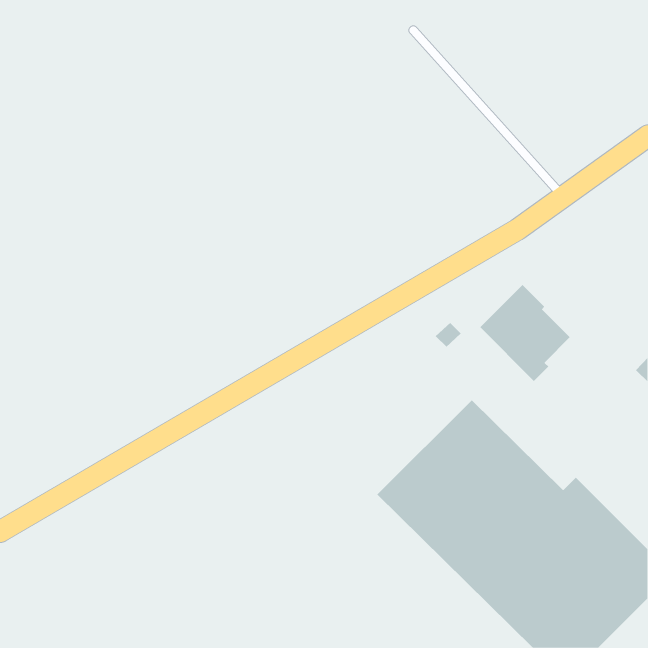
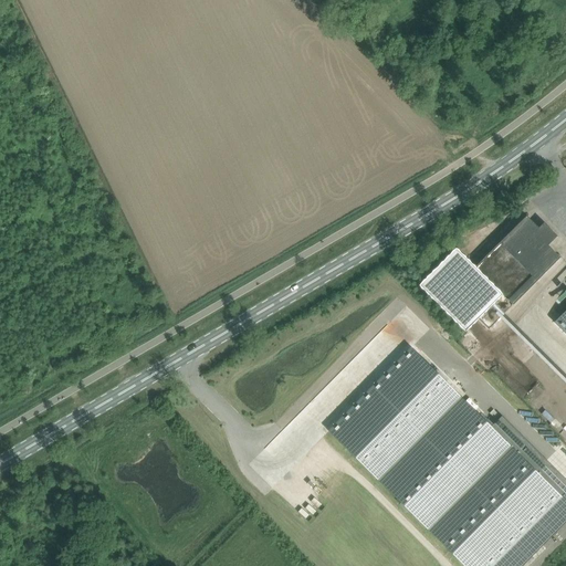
building: none -> [473,216,559,329]

